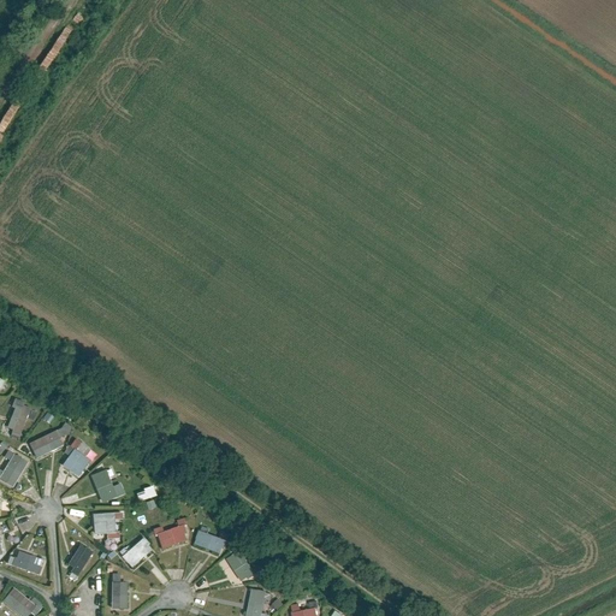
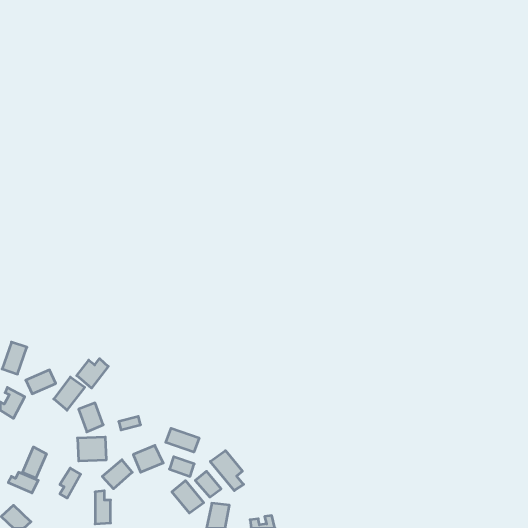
building: none -> [77,359,108,388]
building: none -> [166,428,199,452]
building: none -> [22,447,46,478]
building: none -> [210,451,244,491]
building: none -> [172,481,204,513]

